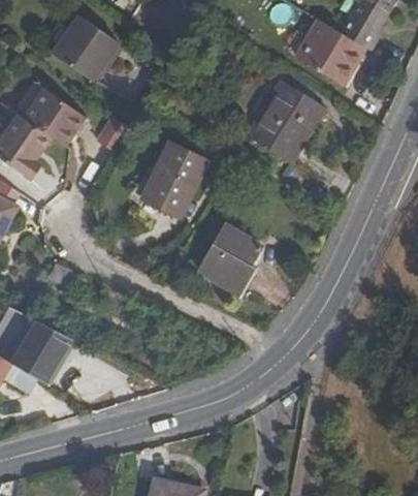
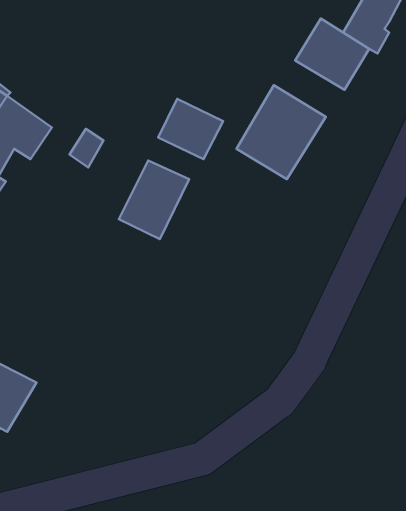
building: [52,16,119,79] -> none
building: none -> [158,99,223,159]
building: [198,224,258,291] -> none

